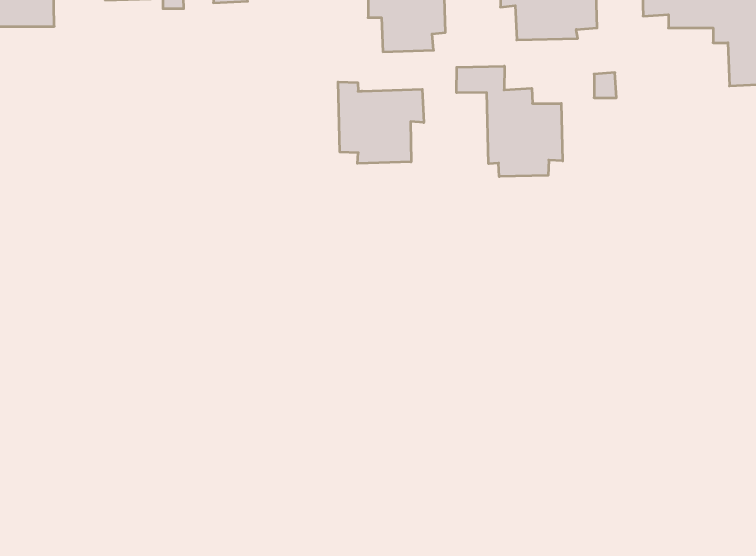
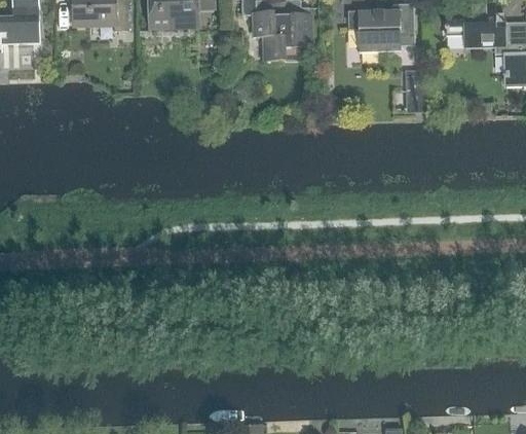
building: [457,66,563,177] -> none
building: [338,82,424,163] -> none

